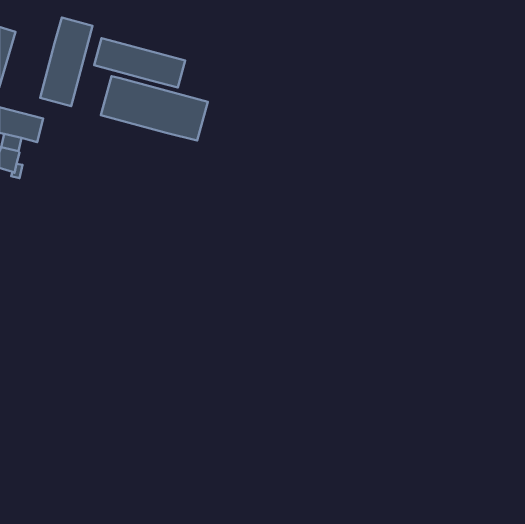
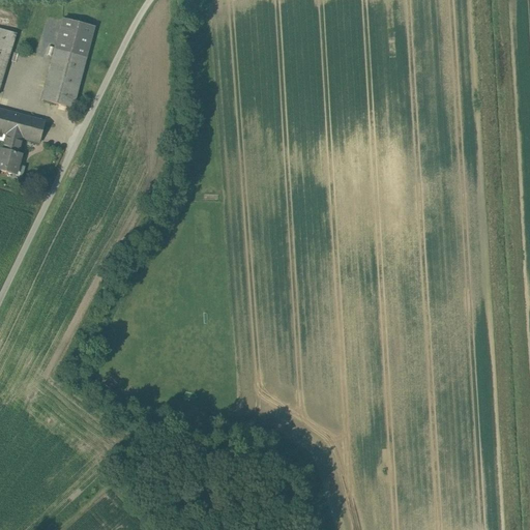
building: [94,38,185,88] -> none
building: [101,76,208,141] -> none

